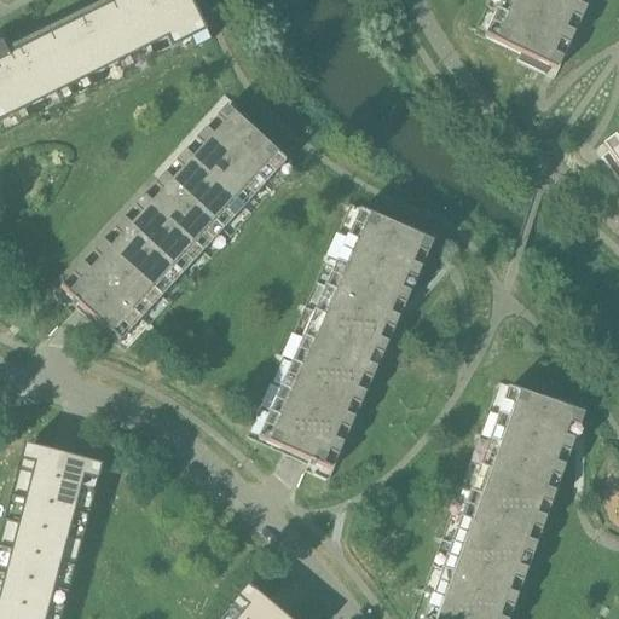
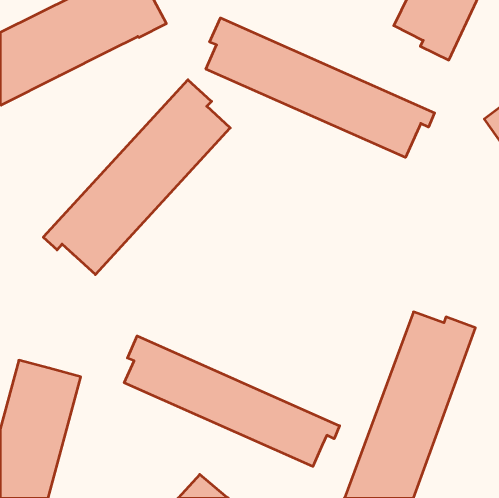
building: none -> [206,18,435,157]
building: [262,207,439,476] -> none
building: none -> [124,336,340,466]

